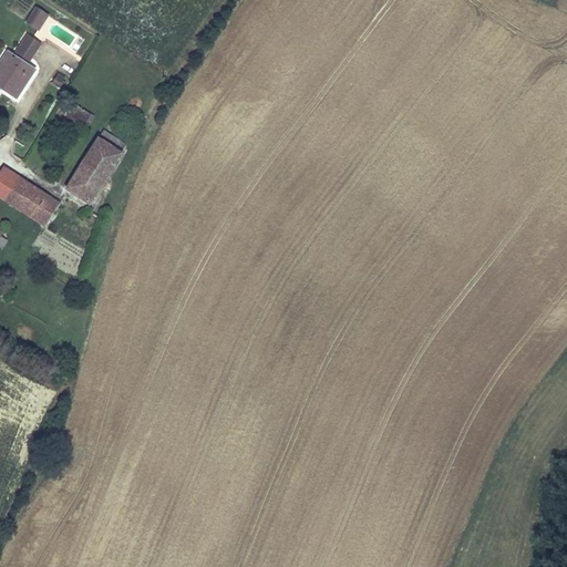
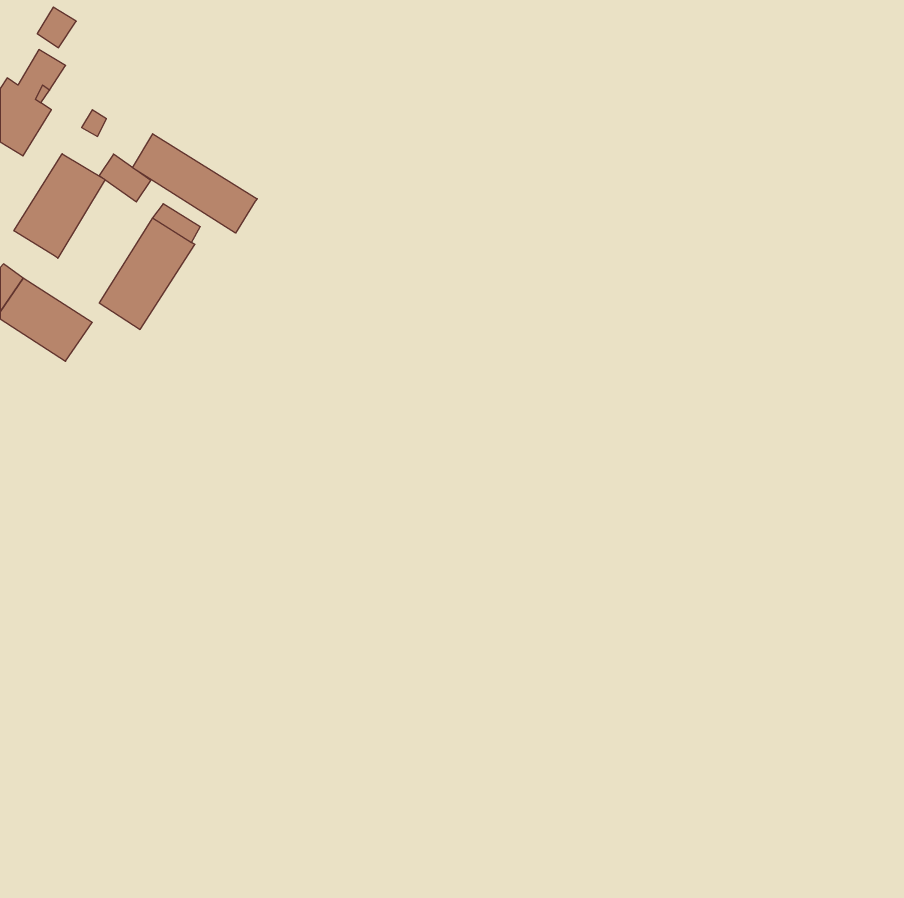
building: none -> [132,134,257,233]
building: none -> [14,154,105,258]

